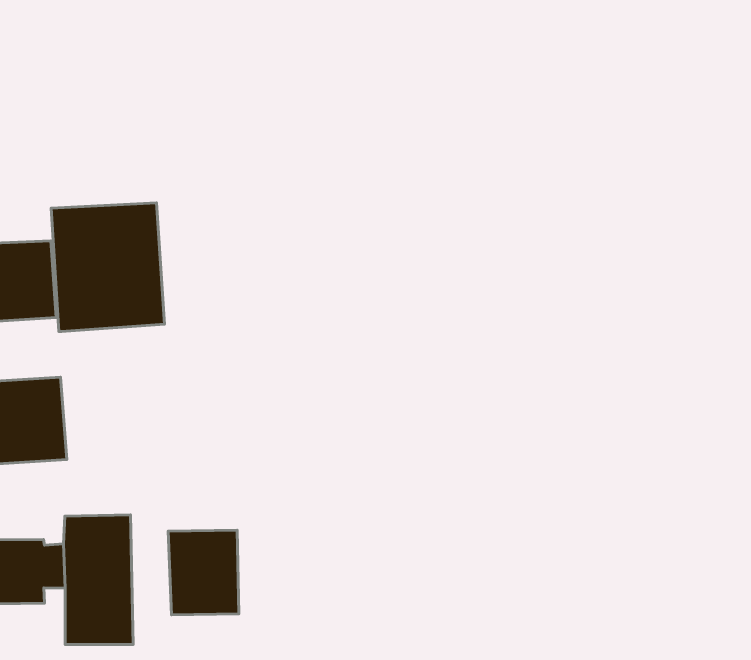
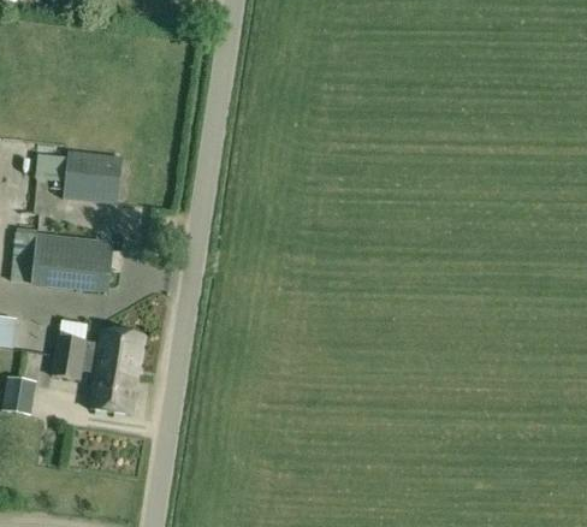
building: [51,203,164,332] -> none
building: [168,530,239,615] -> none

